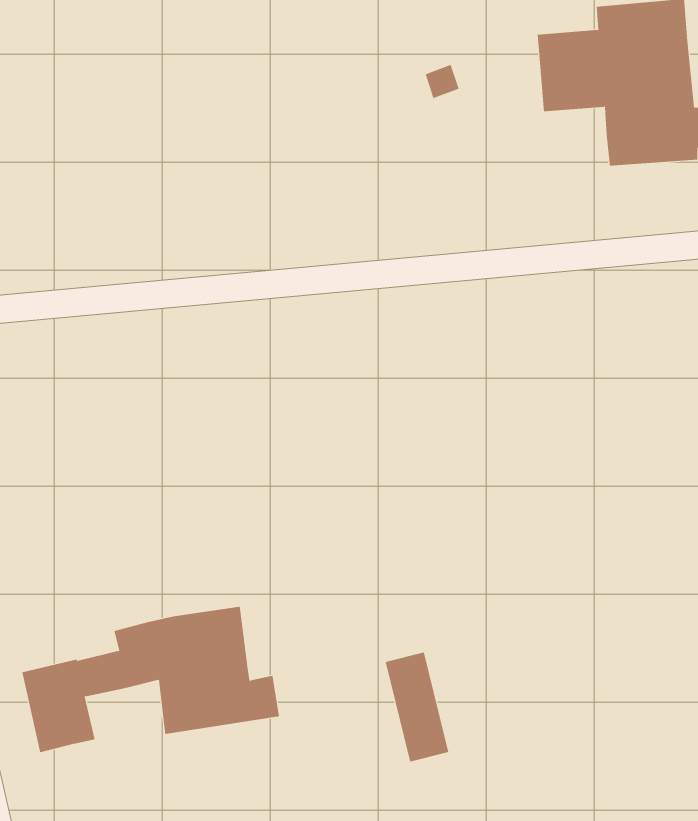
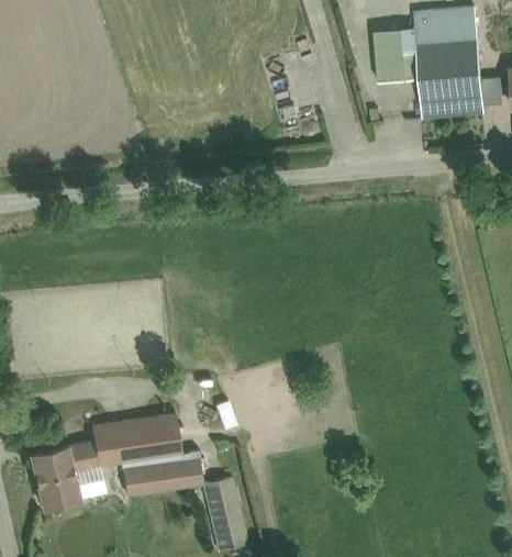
building: [385,652,449,762] -> [204,477,247,550]

